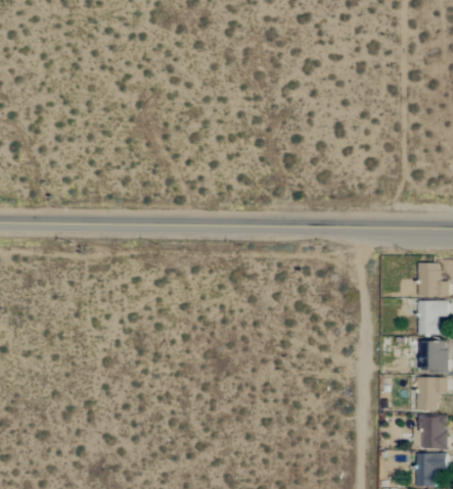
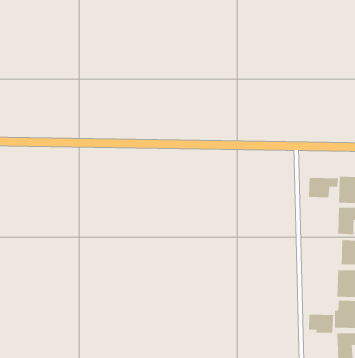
building: none -> [308,177,338,198]
building: none -> [308,314,334,334]

